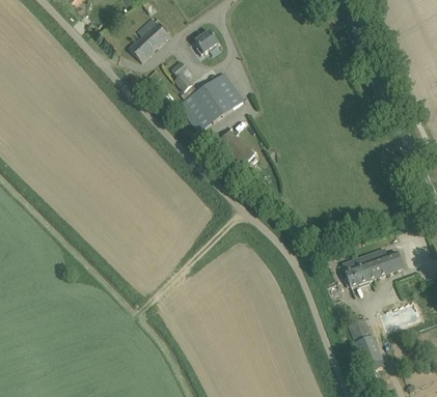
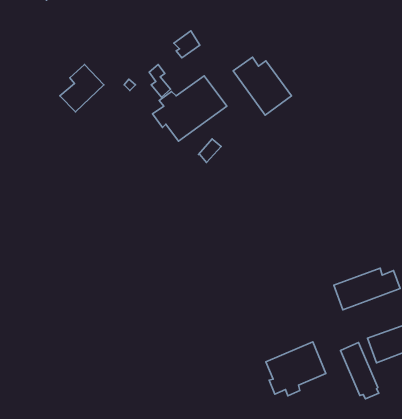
building: [129,18,169,61] -> [60,64,104,112]
building: none -> [233,57,292,115]
building: none -> [266,342,326,396]

